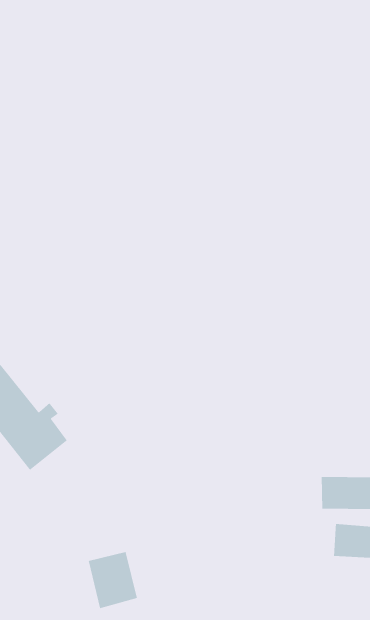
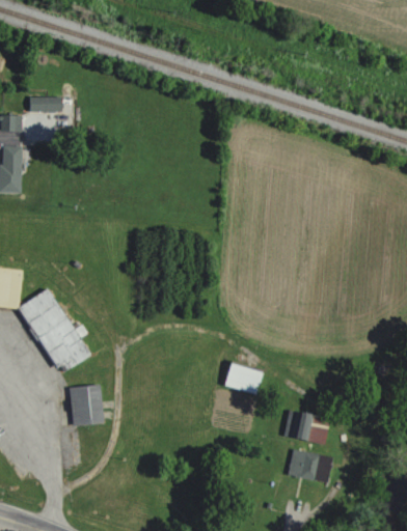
building: none -> [222,362,261,394]
building: [88,551,138,609] -> [69,384,104,426]

